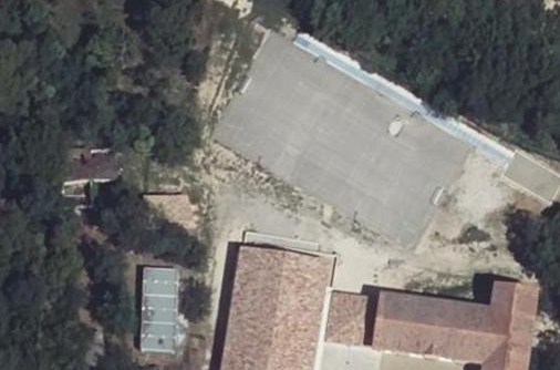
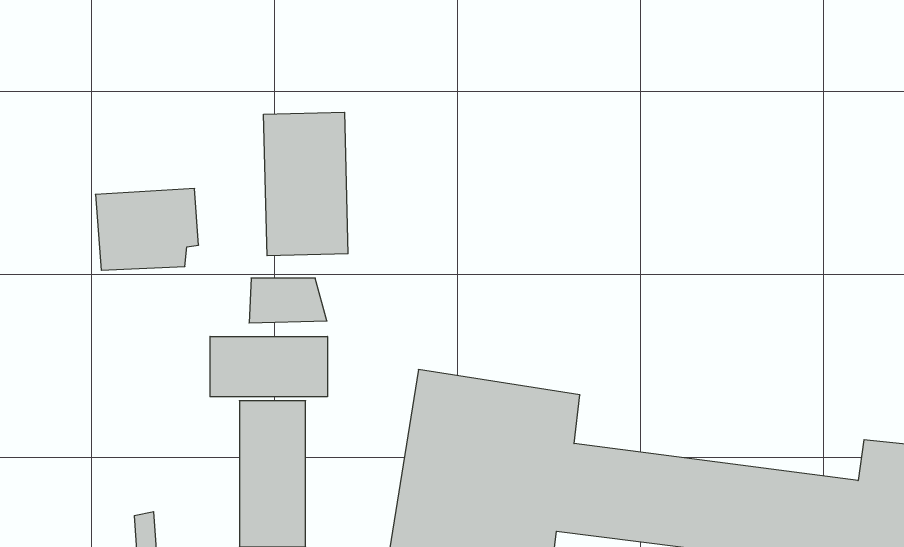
building: none -> [264,112,348,256]
building: none -> [210,336,327,397]

